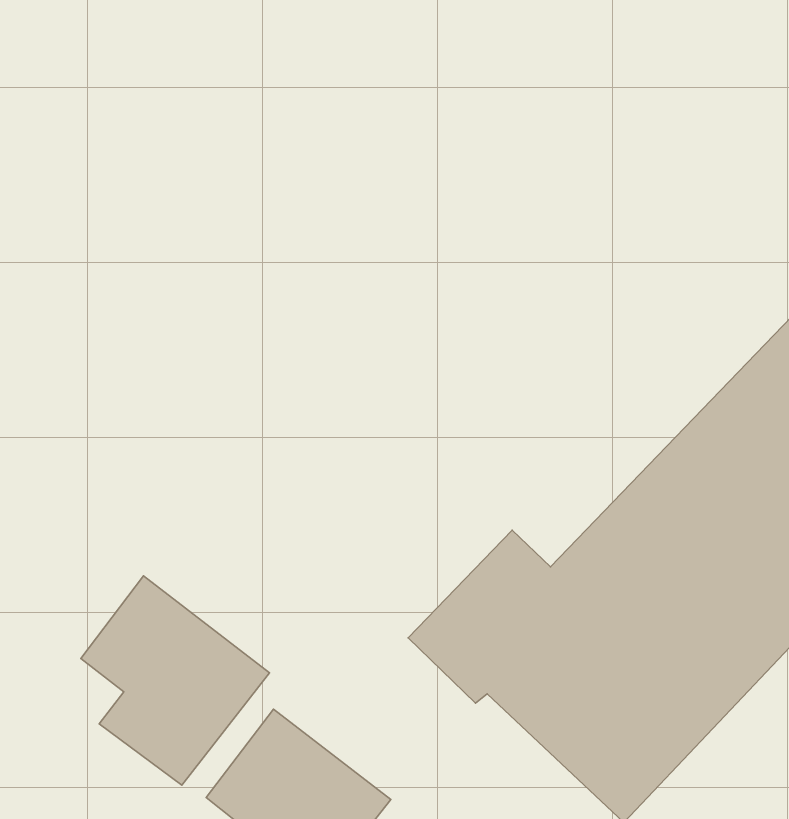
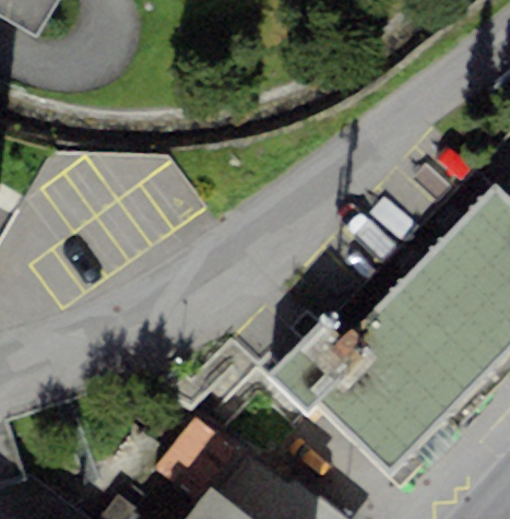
building: [81,576,269,785] -> none

